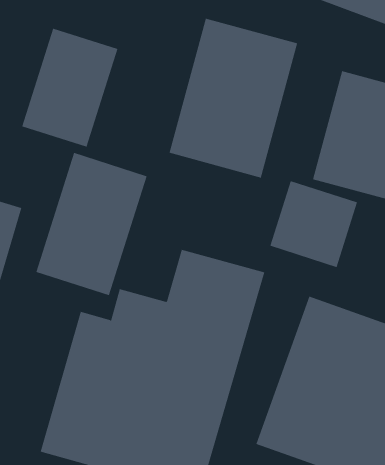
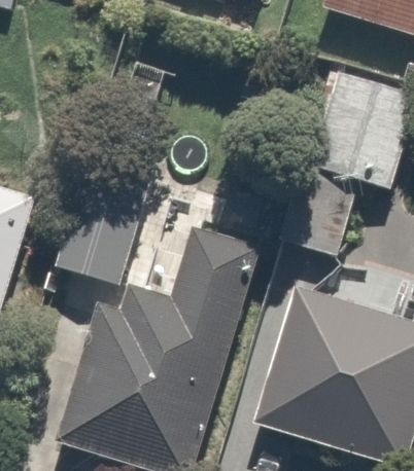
building: [169,18,298,178] -> none
building: [21,28,118,148] -> none

